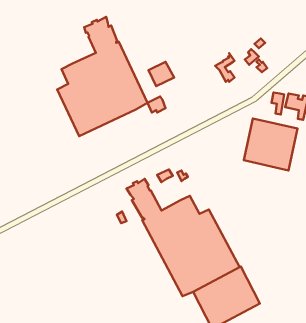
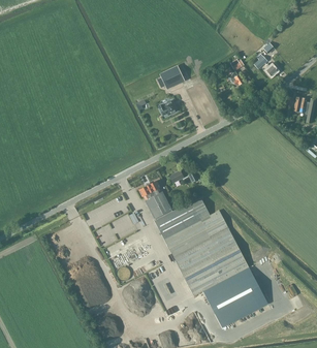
building: [57,17,148,136] -> none
building: [244,119,298,170] -> none

